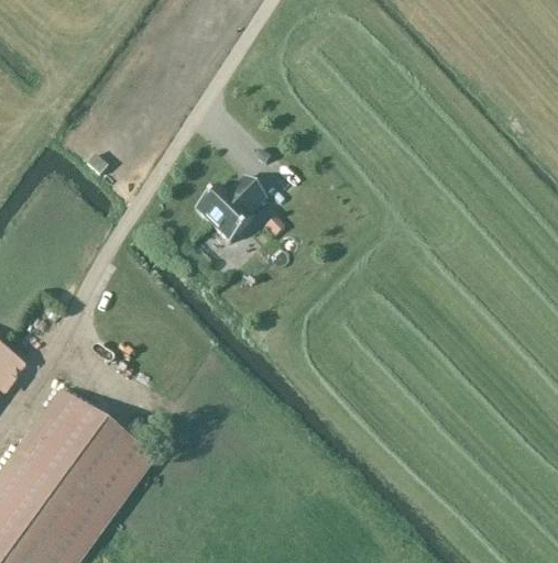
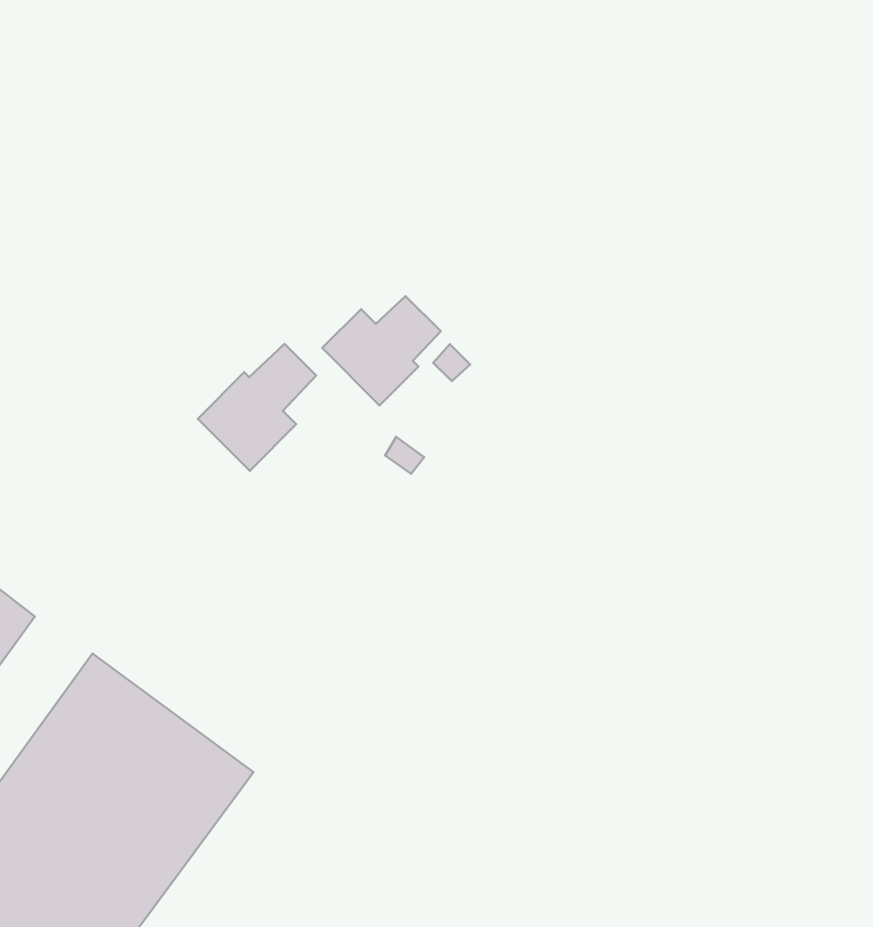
building: none -> [198,344,316,471]

